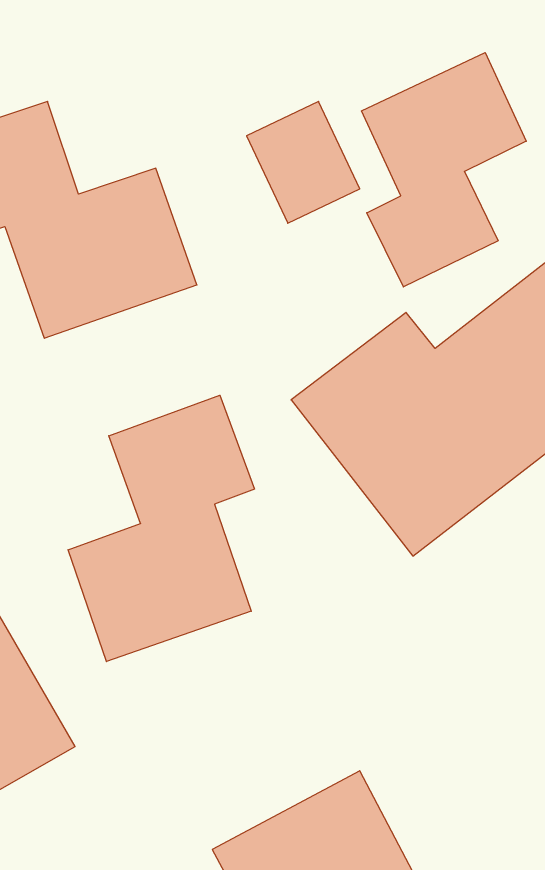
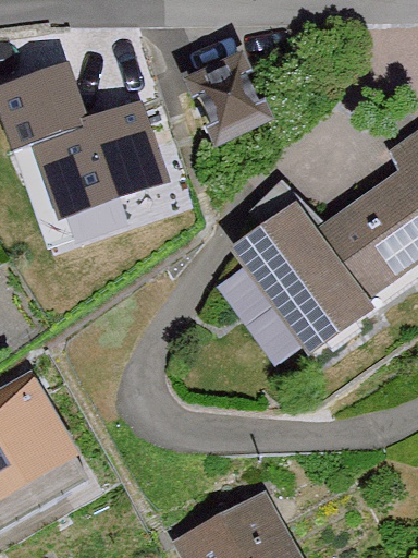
building: [361,53,526,287] -> none
building: [68,395,254,662] -> none

